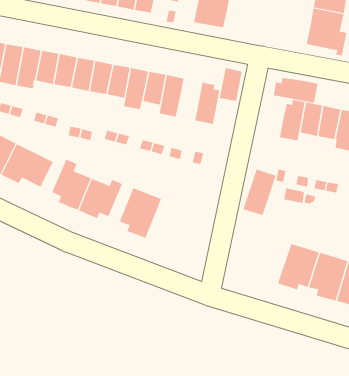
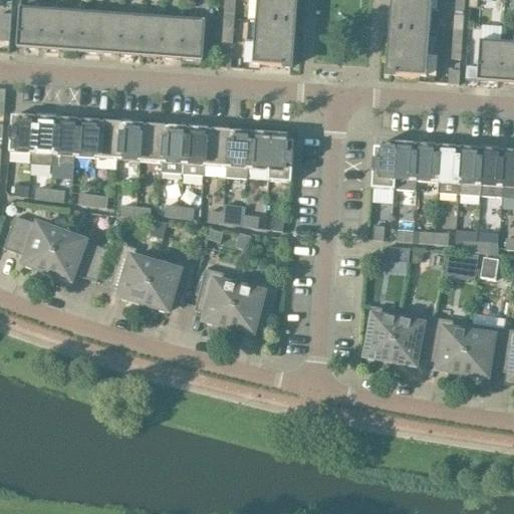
building: [219,68,242,110] -> [247,131,271,179]
building: [273,77,318,103] -> none
building: [243,169,276,216] -> [364,305,400,359]
building: none -> [228,276,277,331]

